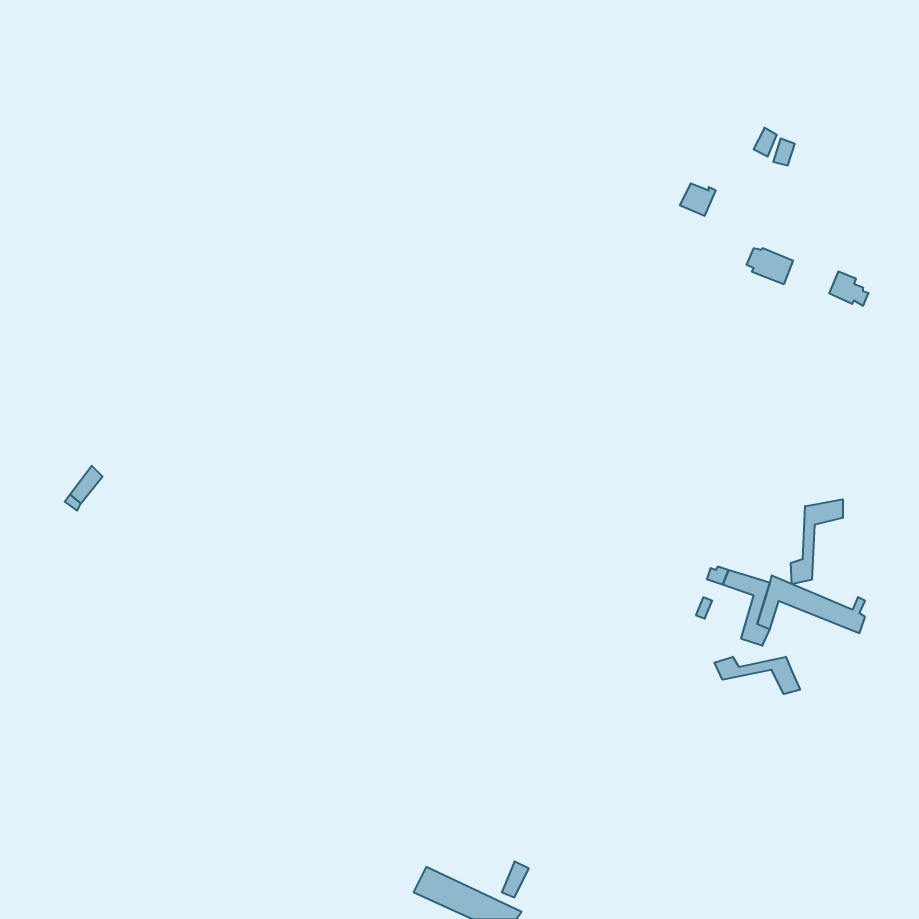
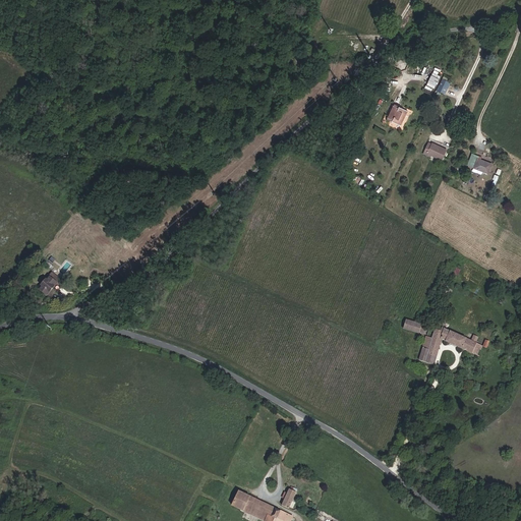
building: [791,499,843,584] -> none
building: [714,657,800,694] -> none

